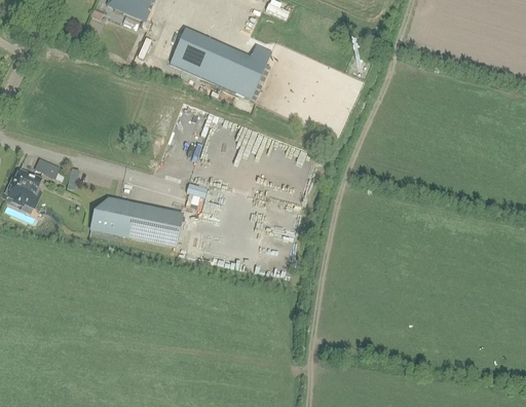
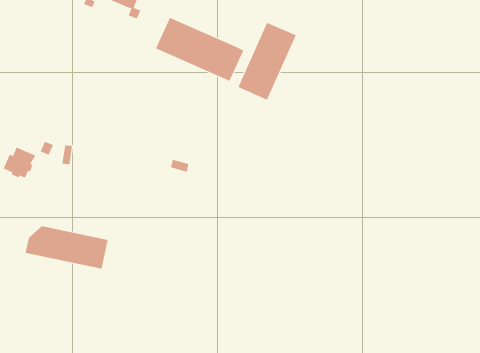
building: none -> [238,22,296,100]
building: [87,197,181,245] -> [23,226,109,269]

